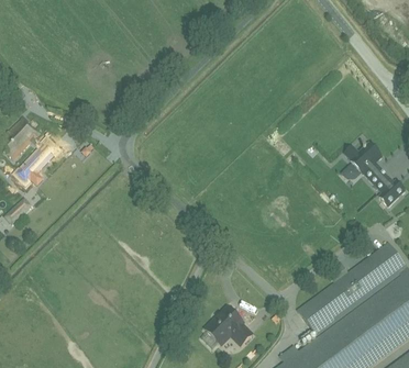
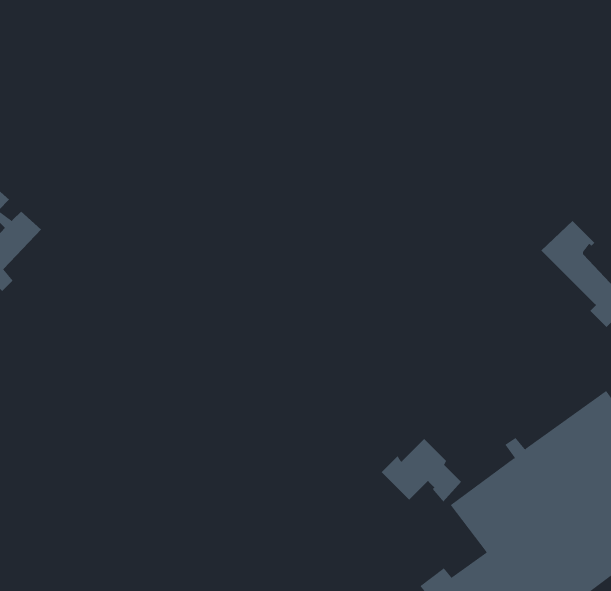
building: [206,310,253,347] -> [381,438,462,502]

